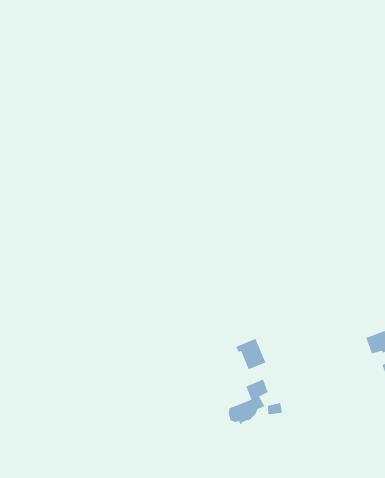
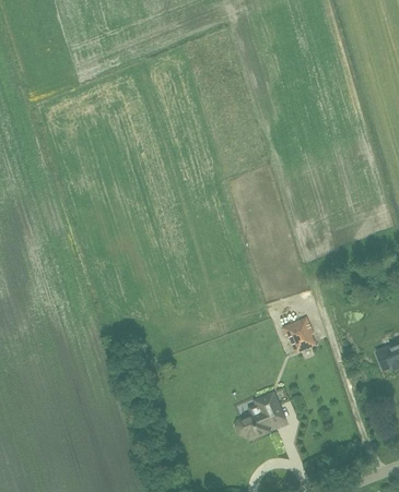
building: [235,338,267,370] -> [284,317,316,350]

